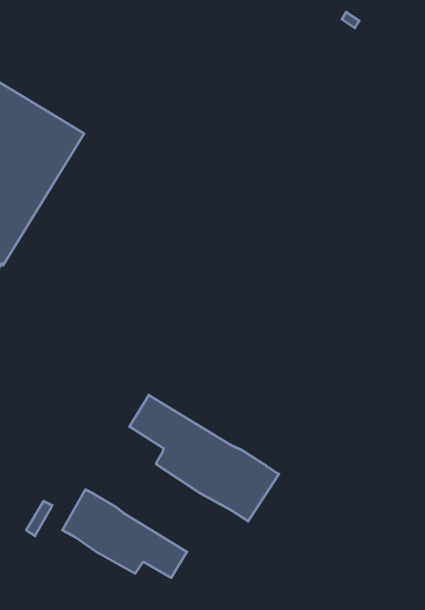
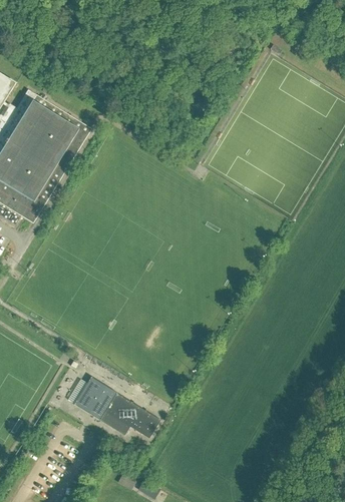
building: [130,395,279,521] -> none

